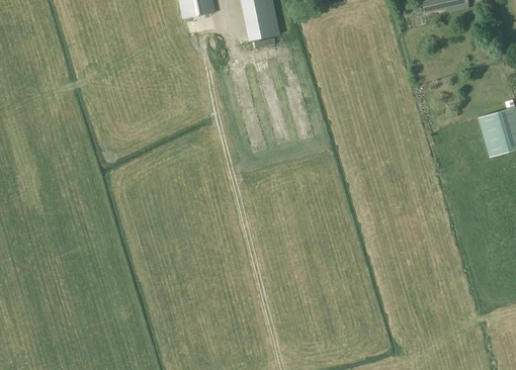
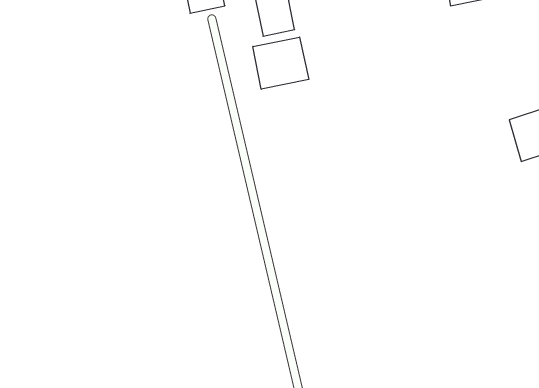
building: none -> [253,37,309,89]

